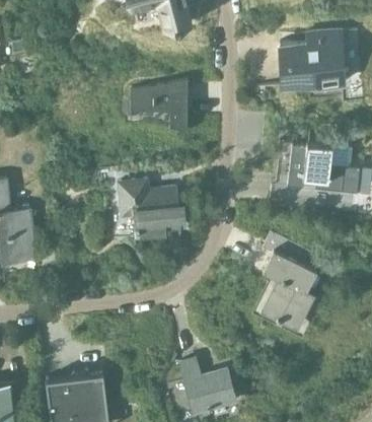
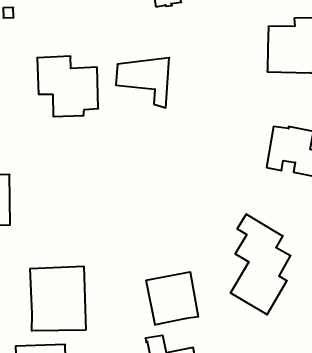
building: [116,179,180,240] -> [37,56,98,117]
building: none -> [146,272,198,325]
building: none -> [30,266,86,331]

